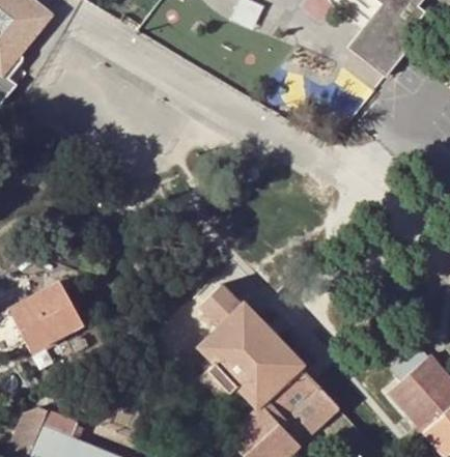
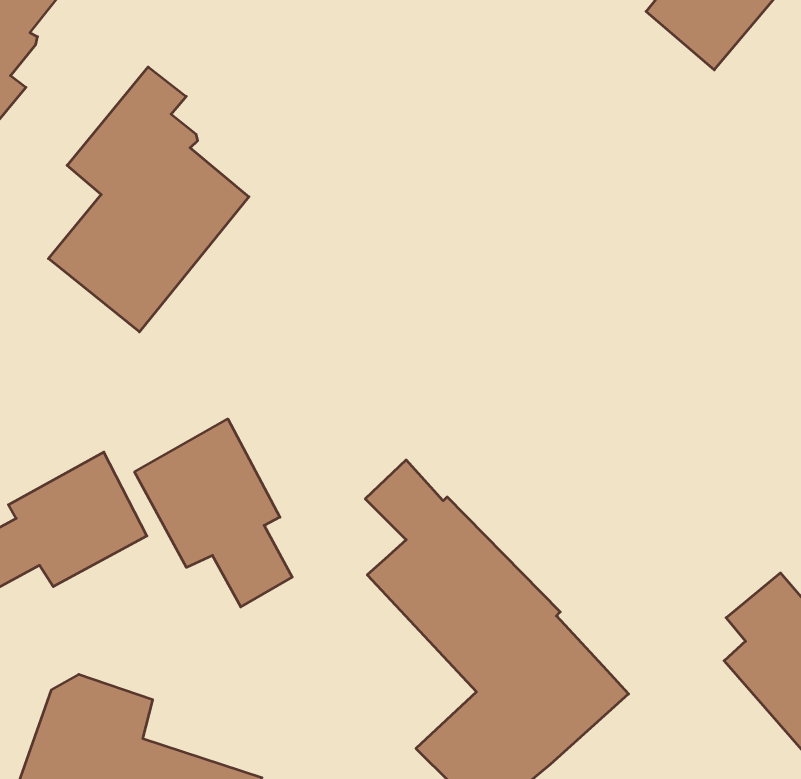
building: none -> [48,67,249,332]
building: none -> [135,419,292,607]

